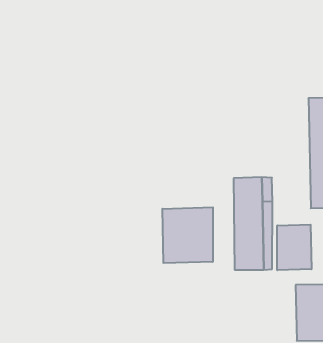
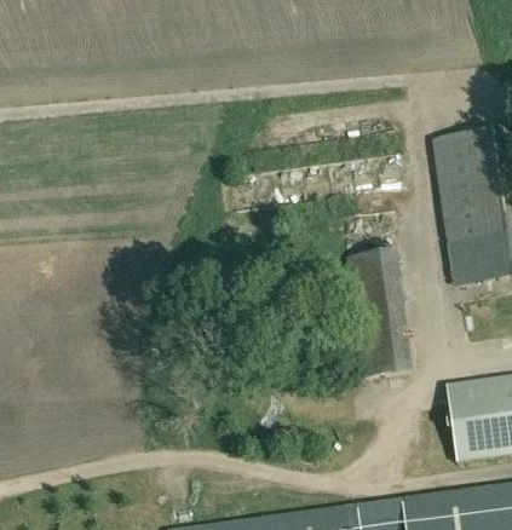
building: [162,207,213,263] -> none
building: [277,225,311,270] -> none

